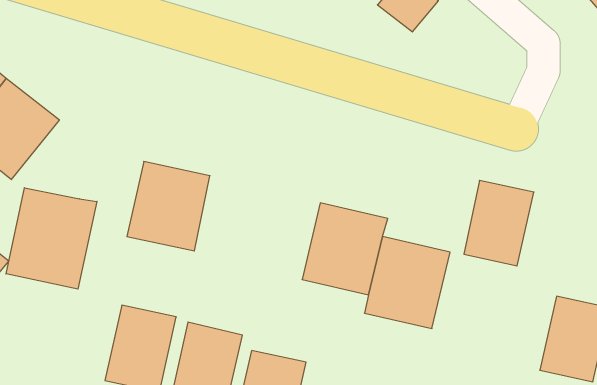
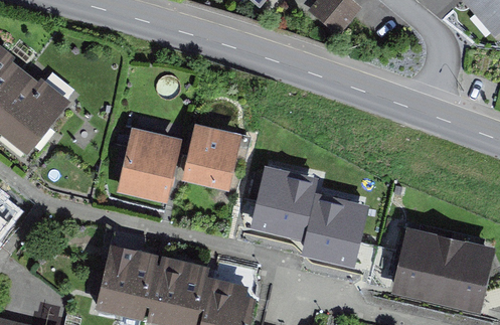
building: none -> [185,127,239,189]
building: [464,180,534,266] -> [394,229,449,296]
building: [6,188,97,289] -> none

